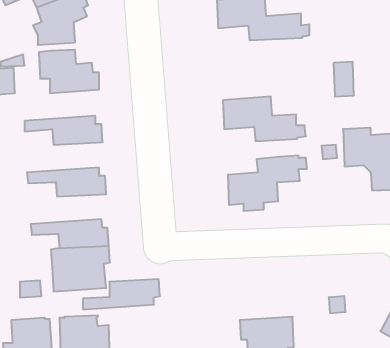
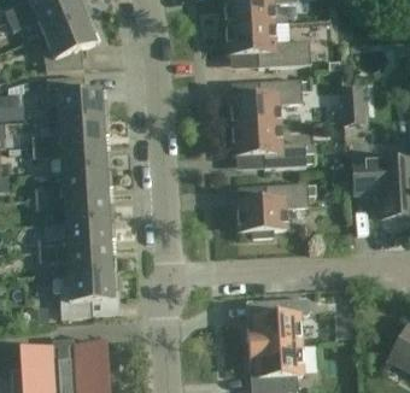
building: none -> [229,78,309,127]
building: none -> [30,116,107,147]
building: none -> [34,169,111,199]
building: none -> [246,297,309,347]
building: [83,279,160,309] -> [37,221,115,251]

